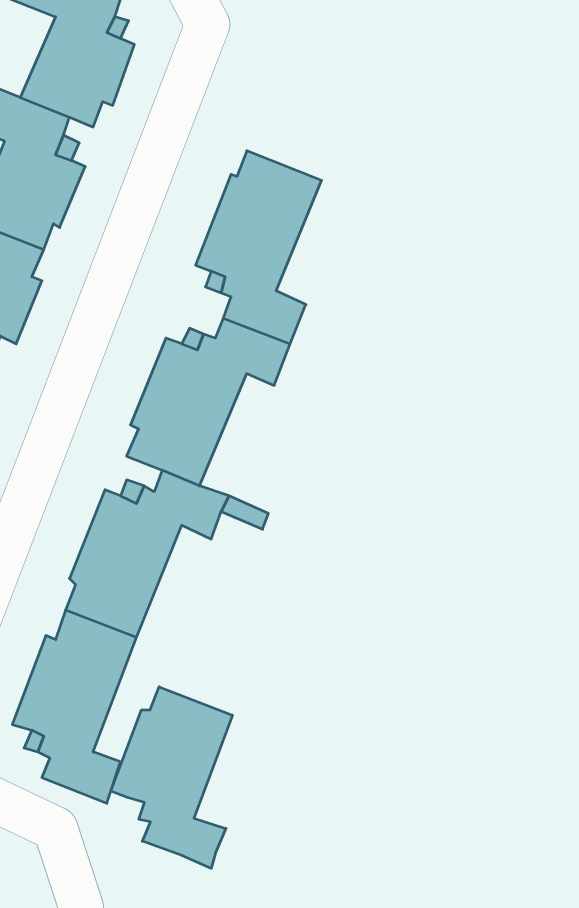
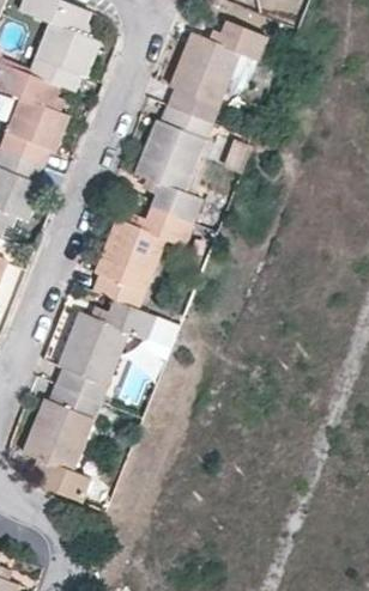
building: none -> [167,20,267,122]
building: [111,687,232,868] -> none

